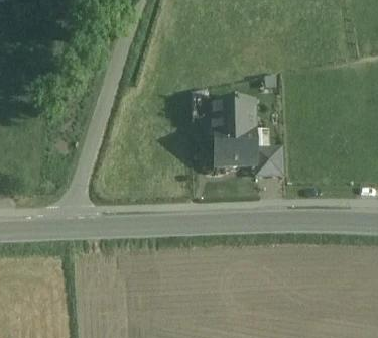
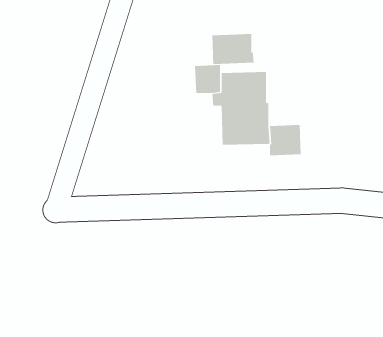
building: none -> [212,33,254,65]

